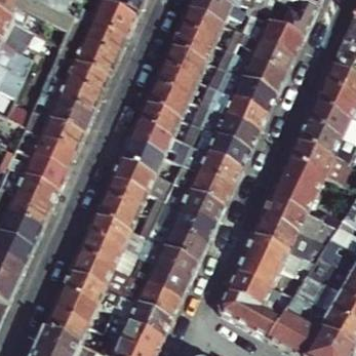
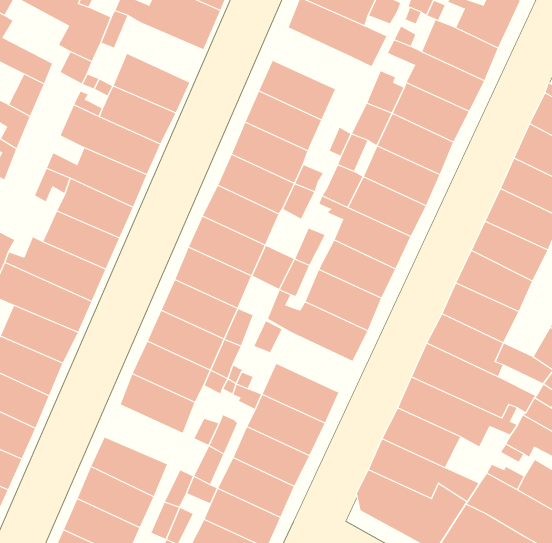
building: [81,21,127,56] -> none
building: [168,24,215,61] -> none
building: [170,206,216,242] -> none
building: [68,249,115,285] -> none

